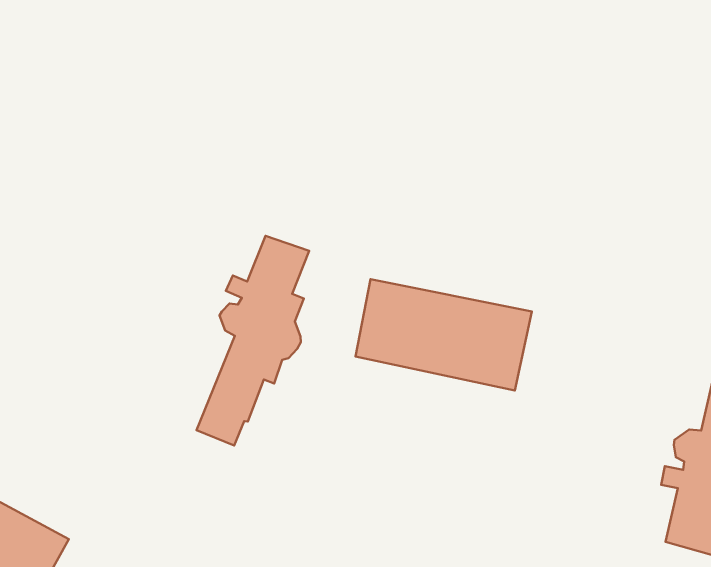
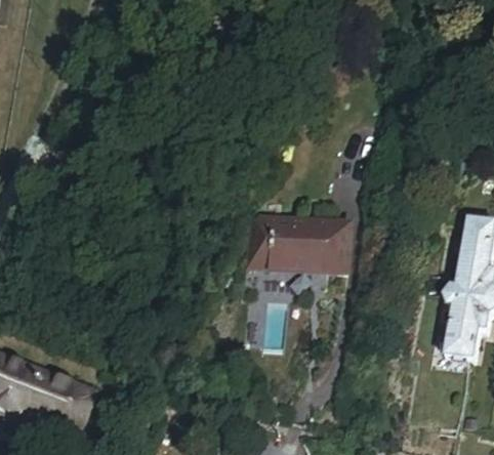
building: [196,236,309,445] -> none

